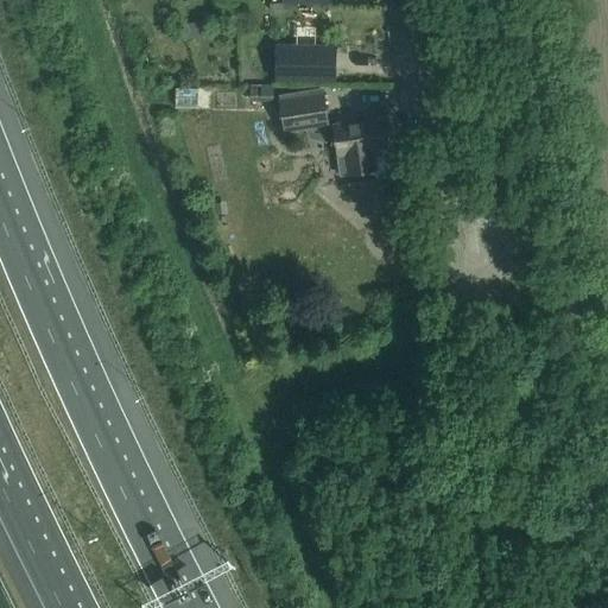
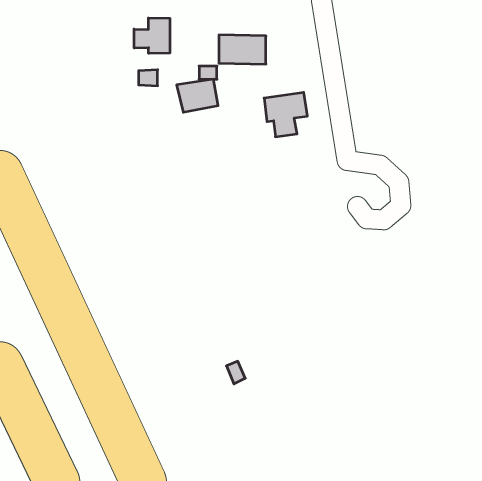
building: none -> [134,18,170,53]
building: [277,91,329,133] -> [177,79,218,112]

